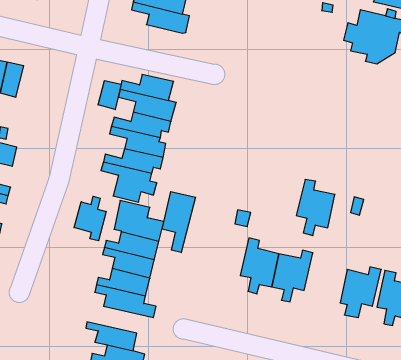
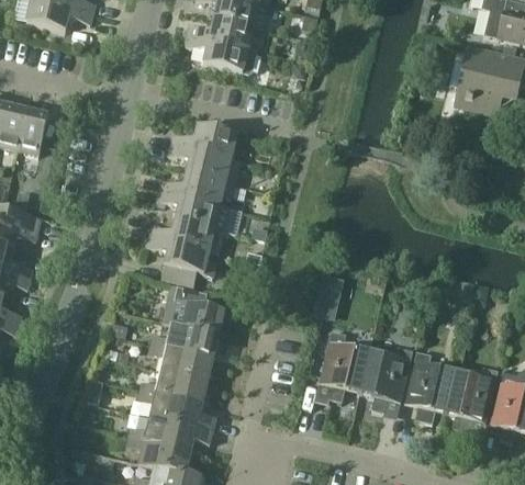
building: [98,81,121,110] -> none
building: [296,180,335,236] -> [406,351,455,421]
building: [162,192,196,253] -> none
building: [74,196,106,241] -> none
building: none -> [129,416,212,450]

